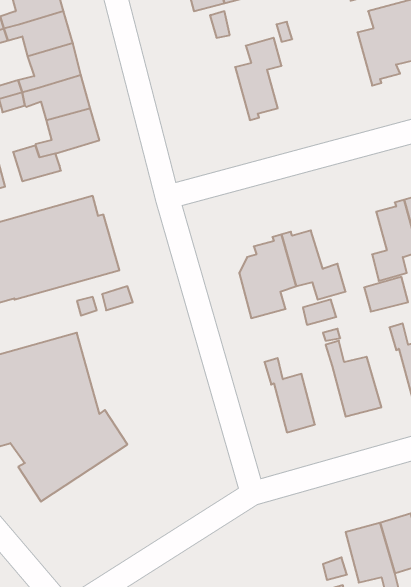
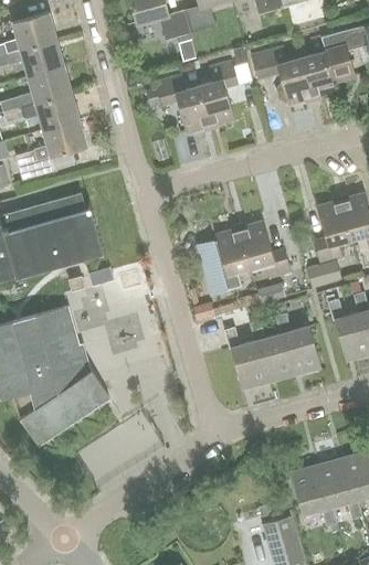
building: none -> [251,46,313,104]
building: none -> [154,75,211,132]
building: none -> [249,320,291,382]

